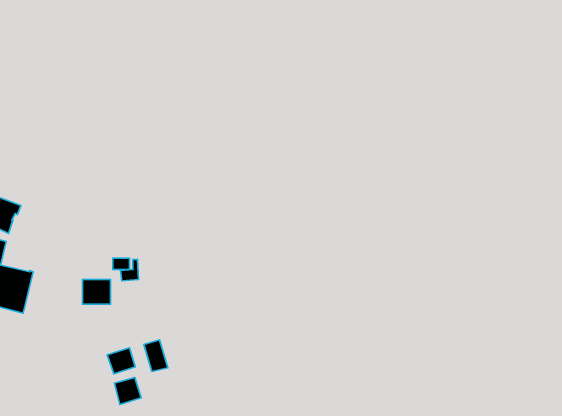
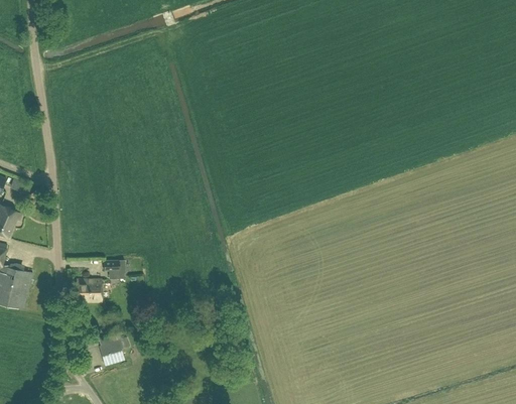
building: [144,340,168,371] -> none
building: [115,377,141,404] -> none

